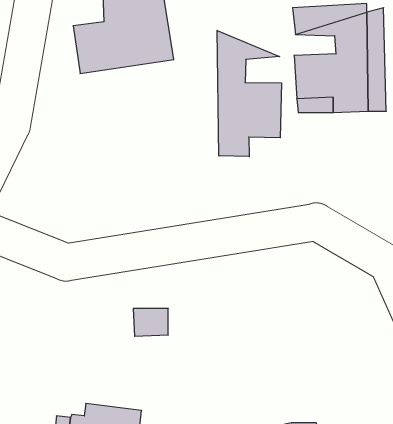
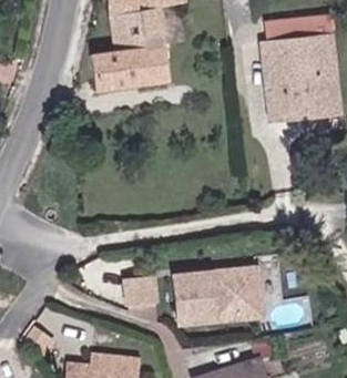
building: [217,30,281,157] -> none
building: none -> [184,272,268,323]

